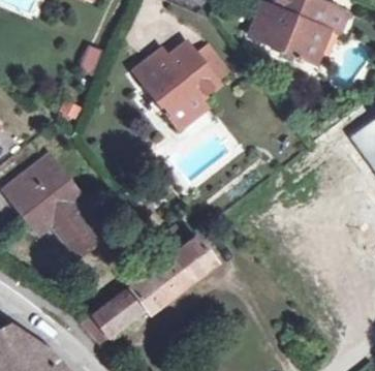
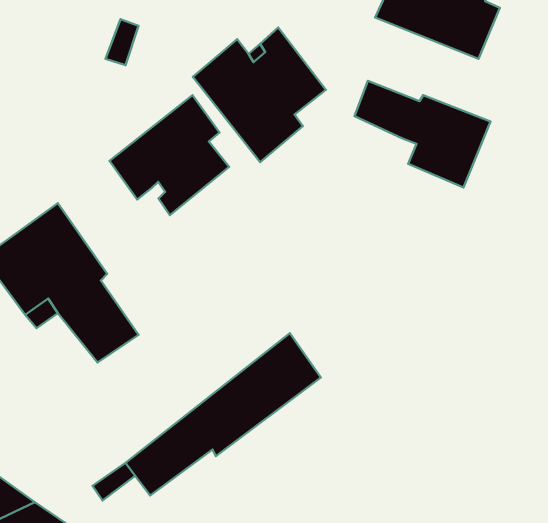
building: none -> [354,81,490,187]
building: none -> [109,95,229,215]

